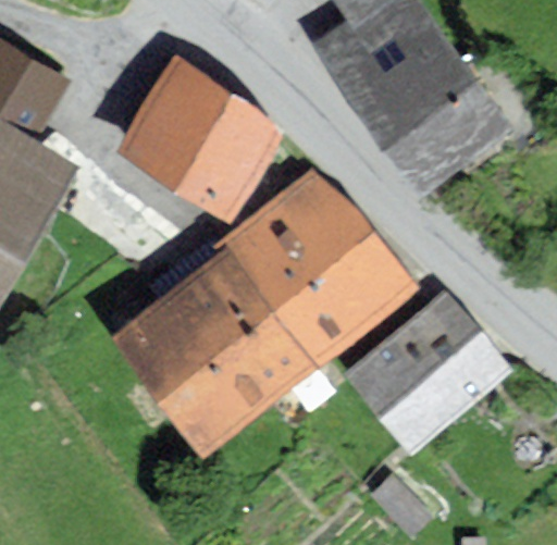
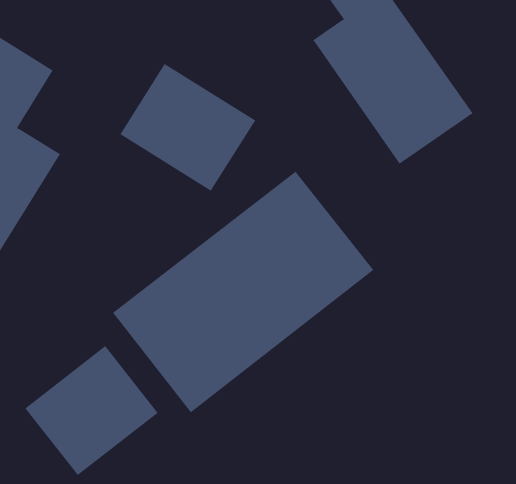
building: [357,297,505,439] -> none
building: none -> [25,345,159,476]

